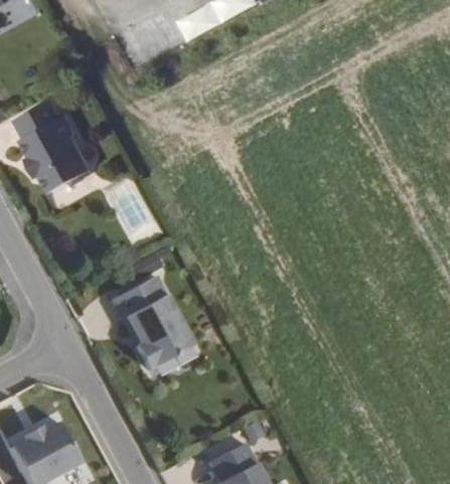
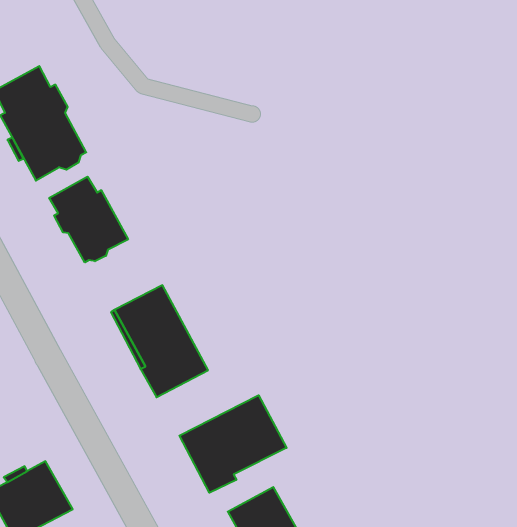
building: none -> [49,177,128,262]
building: none -> [179,395,287,493]

